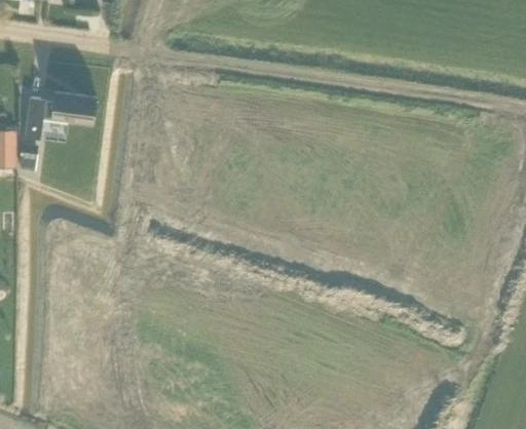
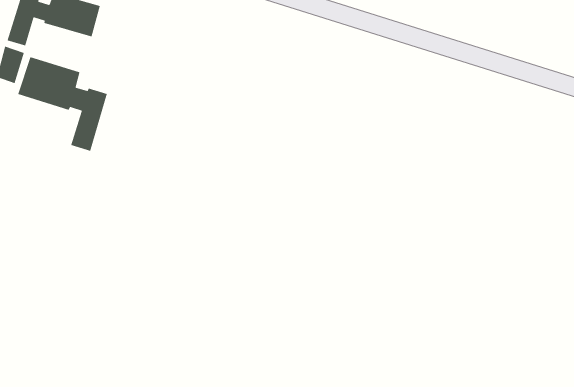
building: none -> [17,56,108,152]

